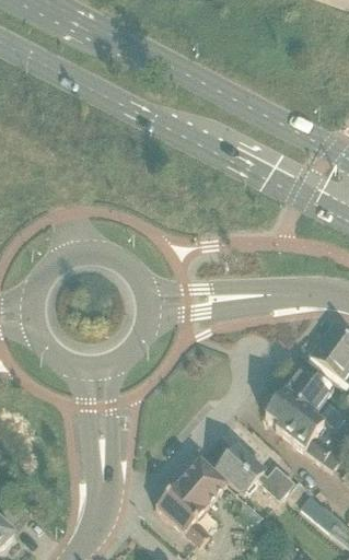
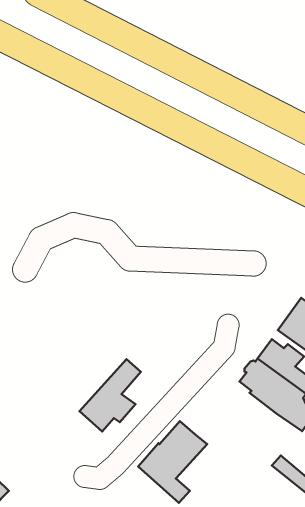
building: none -> [80,359,141,431]
building: [216,445,294,500] -> none

